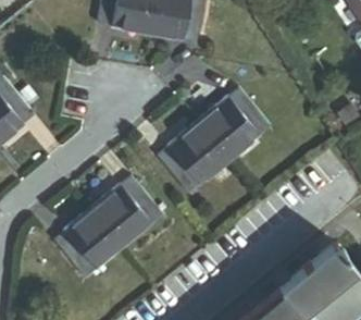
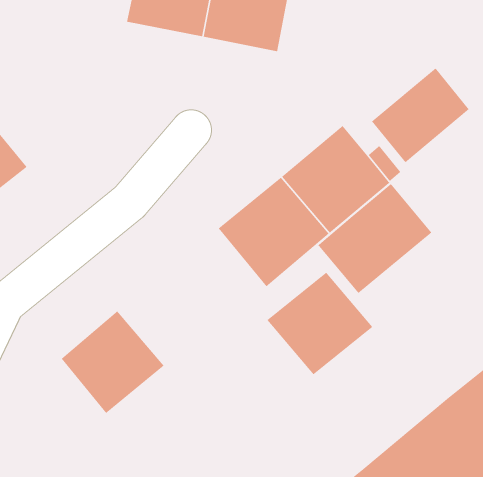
building: none -> [371,68,470,163]
building: none -> [317,183,432,294]
building: [92,177,162,245] -> [267,272,373,375]

